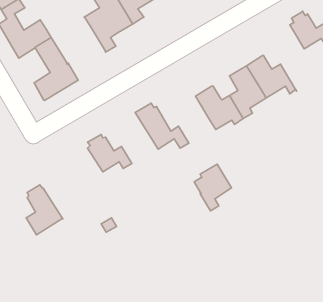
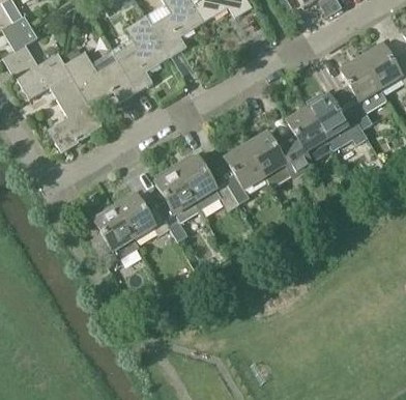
building: none -> [63,50,136,106]
building: none -> [341,58,386,139]
building: none -> [154,165,200,227]
building: [194,164,232,211] -> [218,145,263,202]
building: [26,185,63,235] -> [93,204,138,265]

